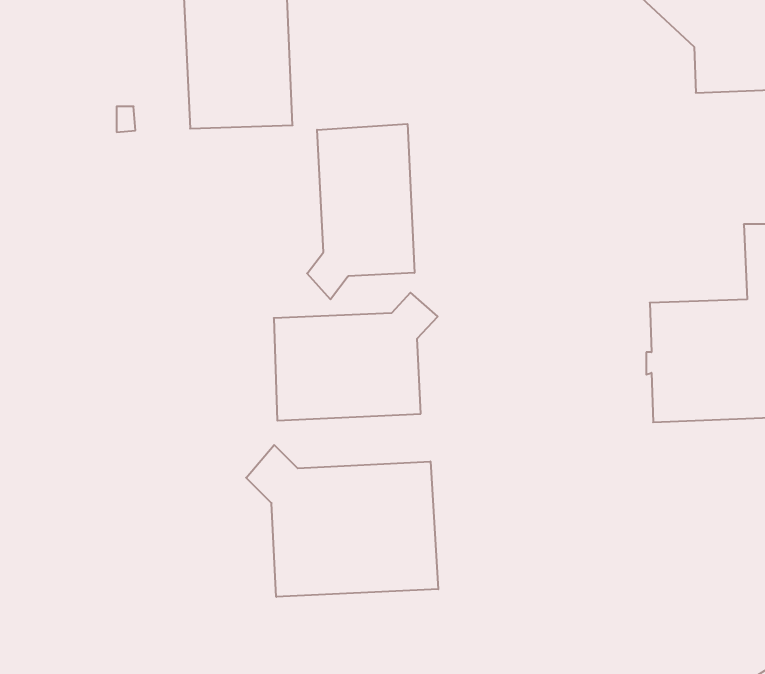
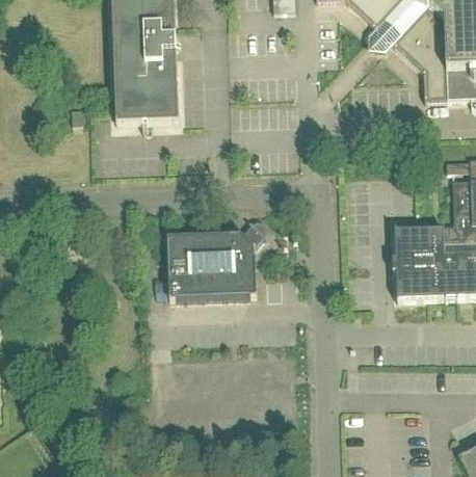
building: [307,124,414,299] -> none
building: [246,445,438,597] -> none

